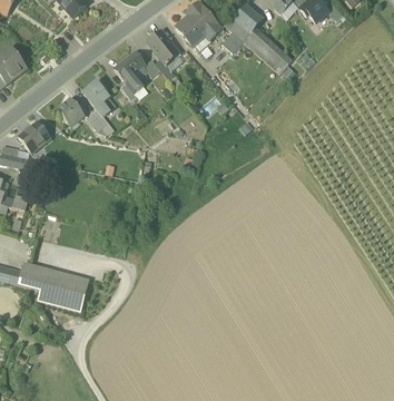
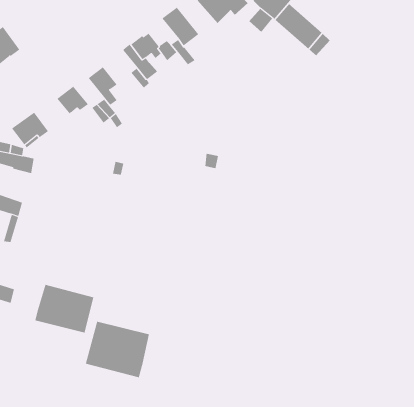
building: [17,262,46,290] -> none
building: none -> [85,321,149,378]

